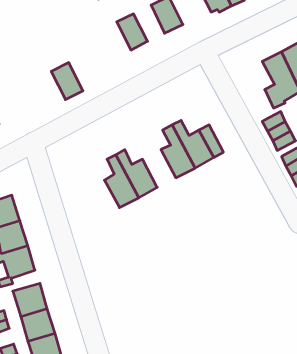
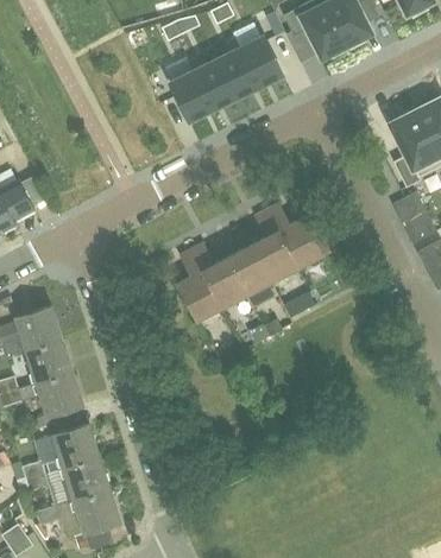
building: none -> [215,49,257,97]
building: [51,63,83,100] -> [169,71,212,121]
building: none -> [227,243,272,294]

